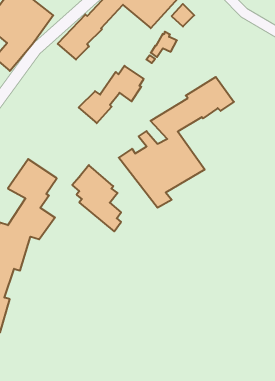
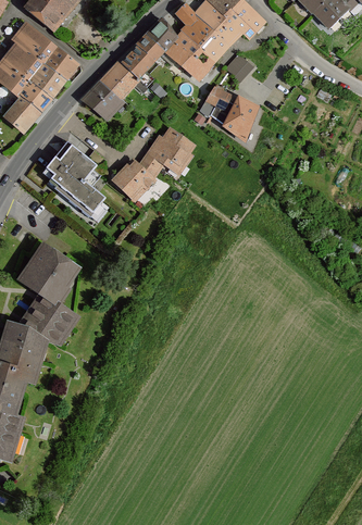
building: none -> [220,91,260,137]
building: [119,77,234,208] -> none
building: [72,165,121,231] -> [41,138,102,221]

